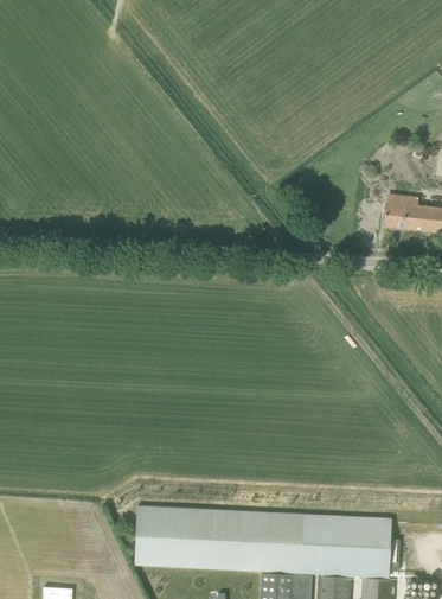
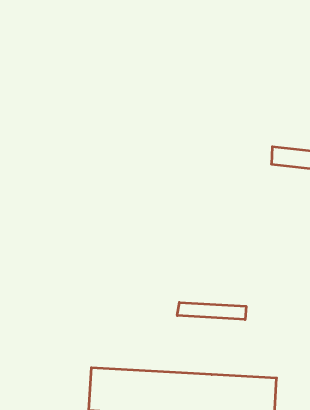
building: none -> [177,302,246,320]

